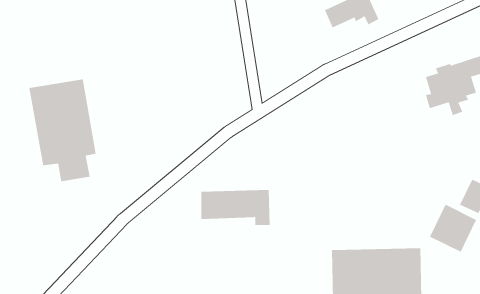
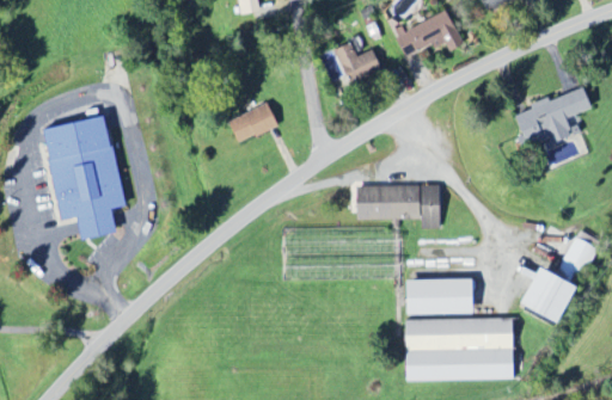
building: none -> [332,42,381,85]
building: none -> [228,101,277,143]
building: [200,189,270,225] -> [356,184,440,227]
building: none -> [408,278,475,314]

